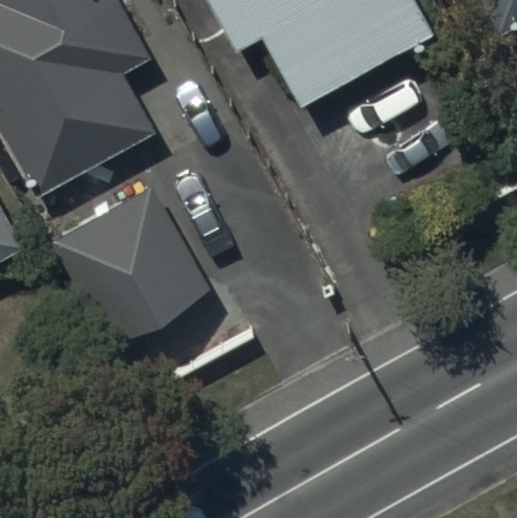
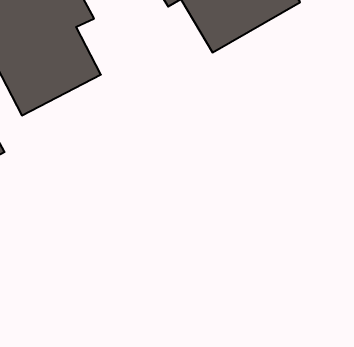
building: [58,191,205,342] -> none

